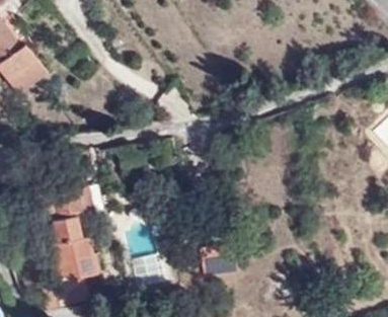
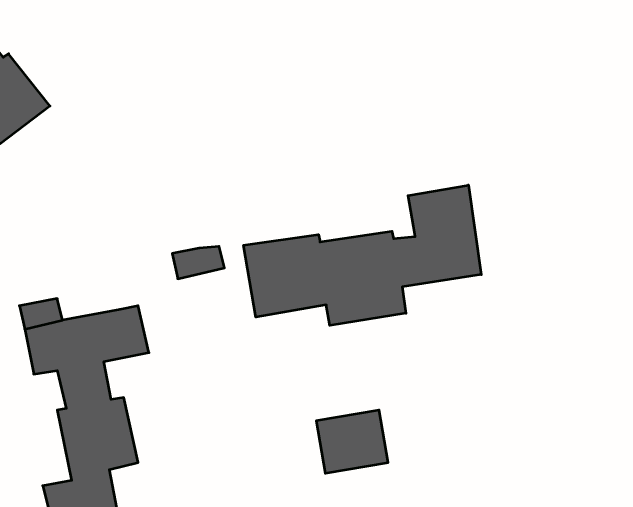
building: none -> [244,185,481,325]

